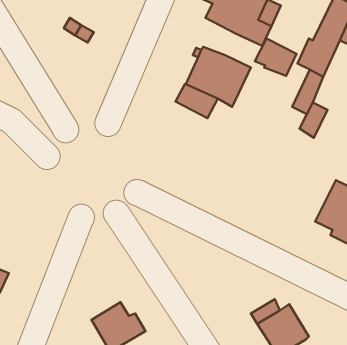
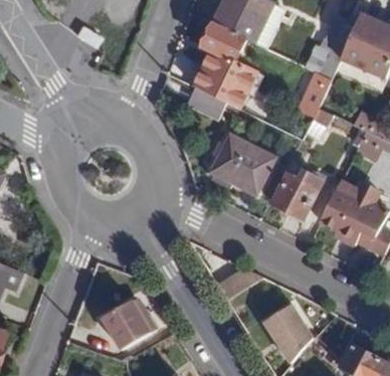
building: [255,38,296,76] -> [203,23,243,59]
building: none -> [214,135,274,193]
building: none -> [273,168,327,221]

